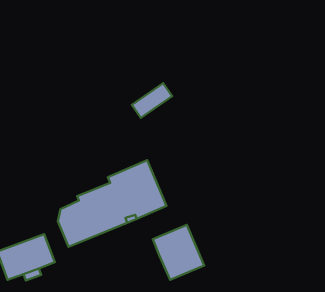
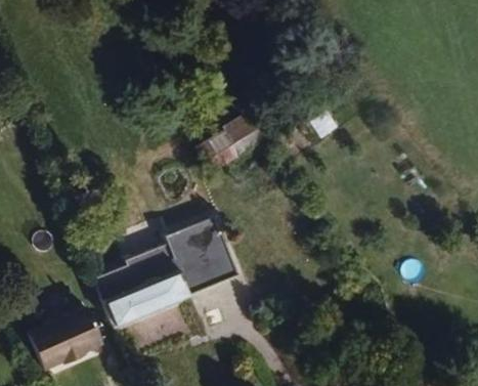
building: [153,225,204,280] -> none

